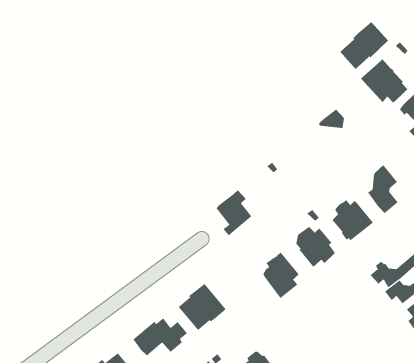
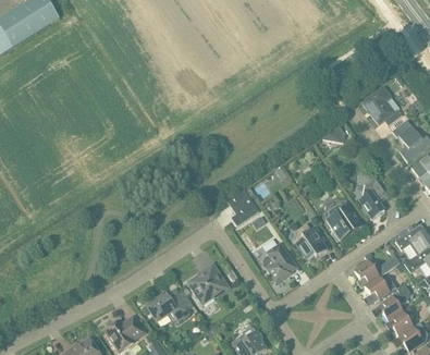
building: [339,21,389,70] -> none

